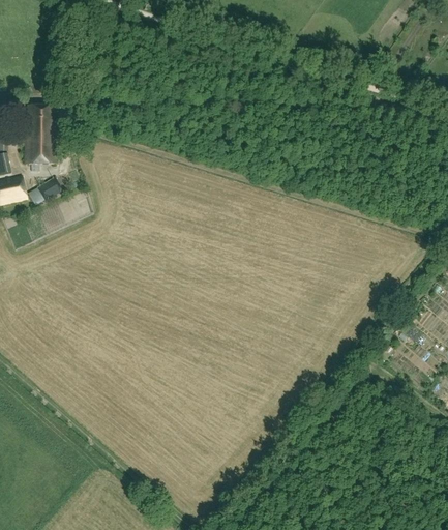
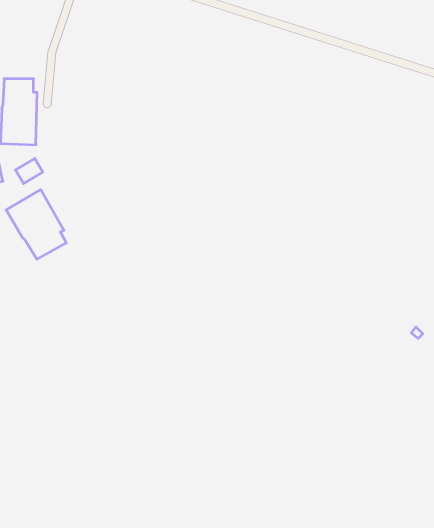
building: none -> [6,190,66,259]

